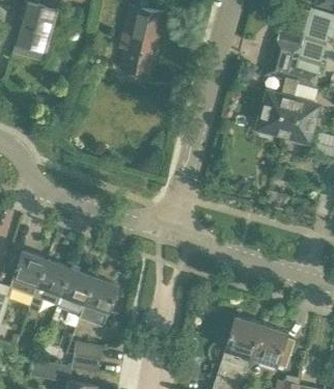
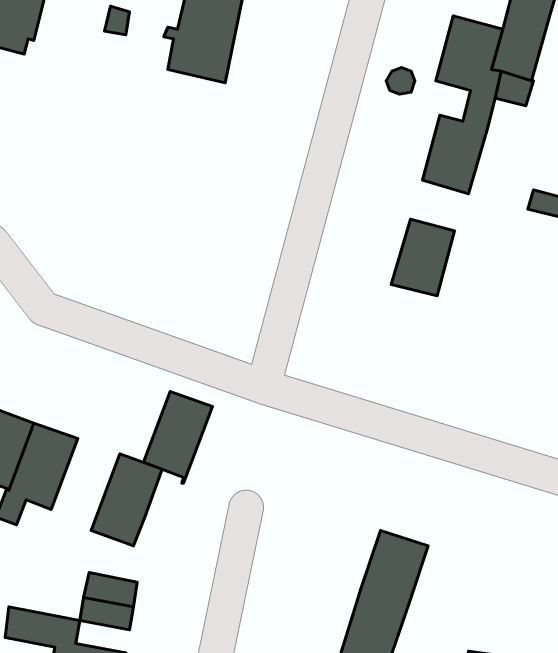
building: [283,99,317,140] -> [391,219,454,296]
building: [57,267,94,316] -> [143,391,212,483]
building: [251,325,286,364] -> none

